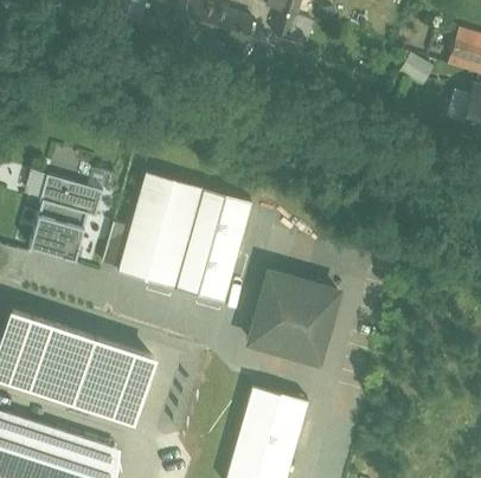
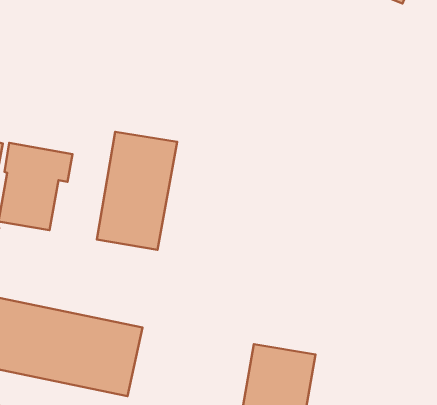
building: [172,190,249,301] -> none
building: [250,271,339,360] -> none

